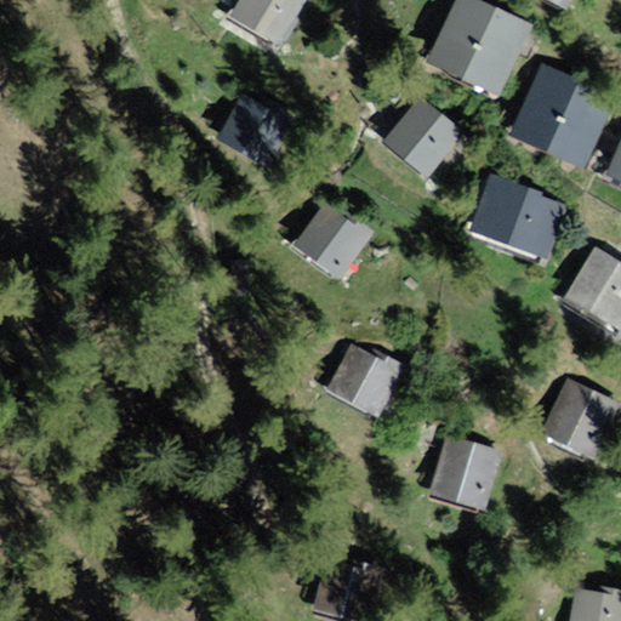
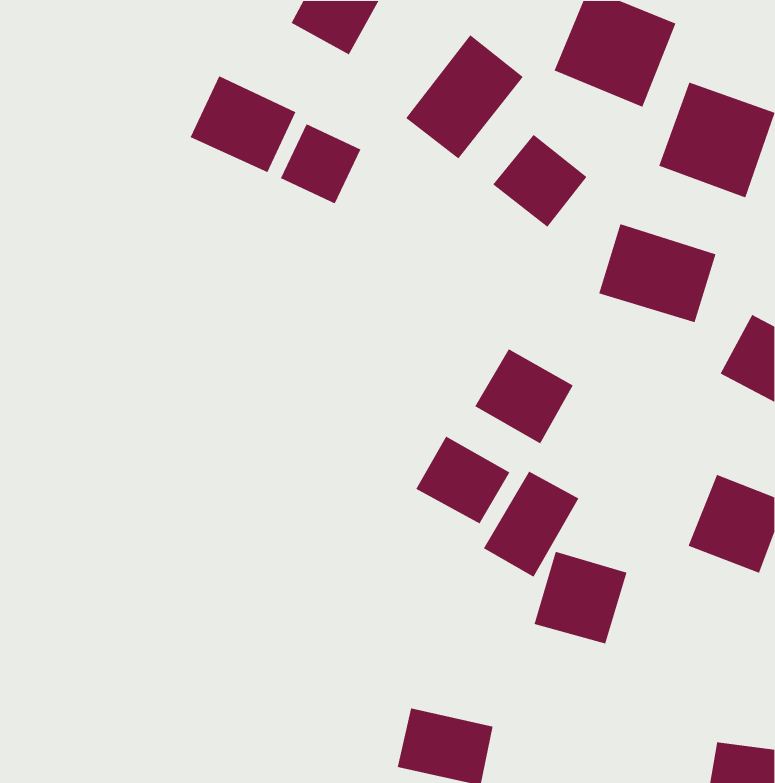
building: none -> [405,34,524,160]
building: none -> [189,75,297,173]
building: [290,205,365,279] -> none
building: none -> [474,348,574,445]
building: none -> [483,470,579,578]

